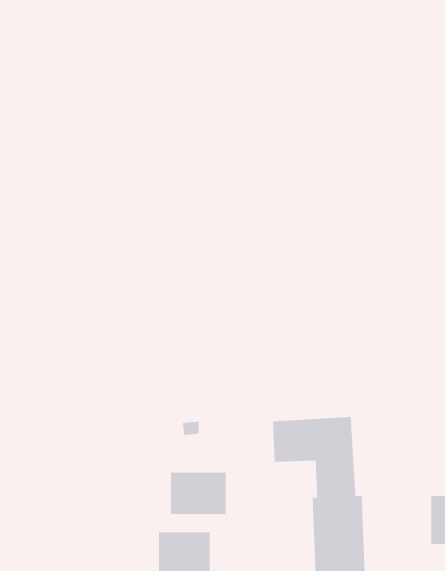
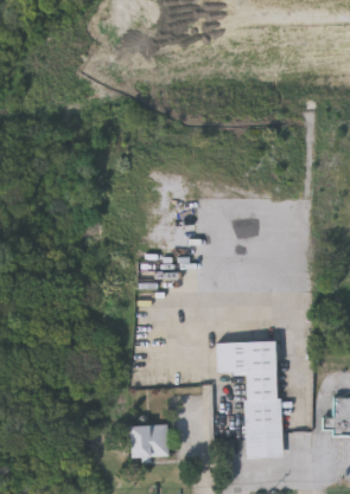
building: [171,472,226,515] -> none

